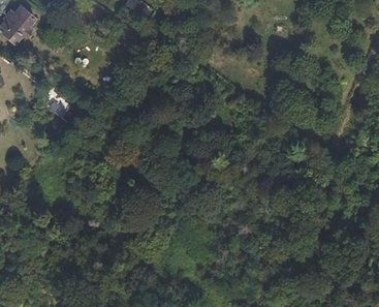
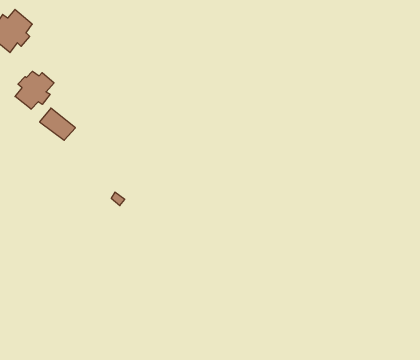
building: none -> [15,71,54,109]

